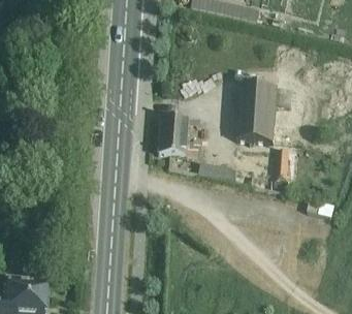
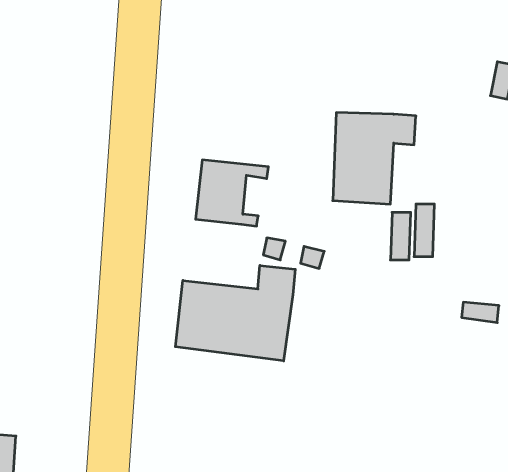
building: none -> [175,265,295,361]

